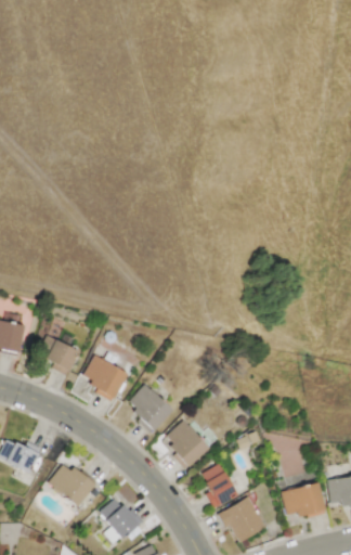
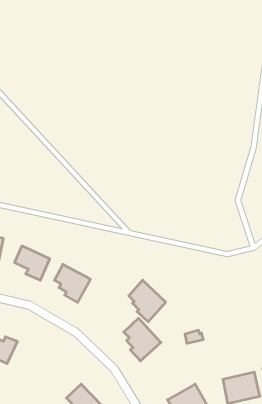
building: [129,384,172,433] -> [129,280,166,322]
building: [200,463,237,507] -> none
building: [48,464,95,506] -> none

